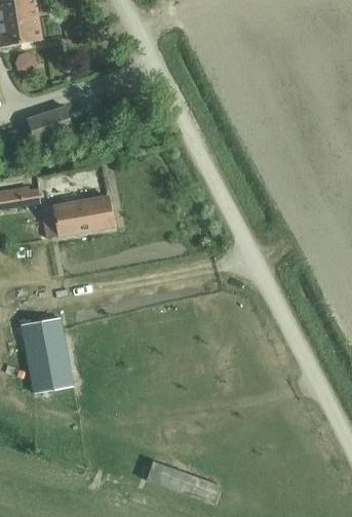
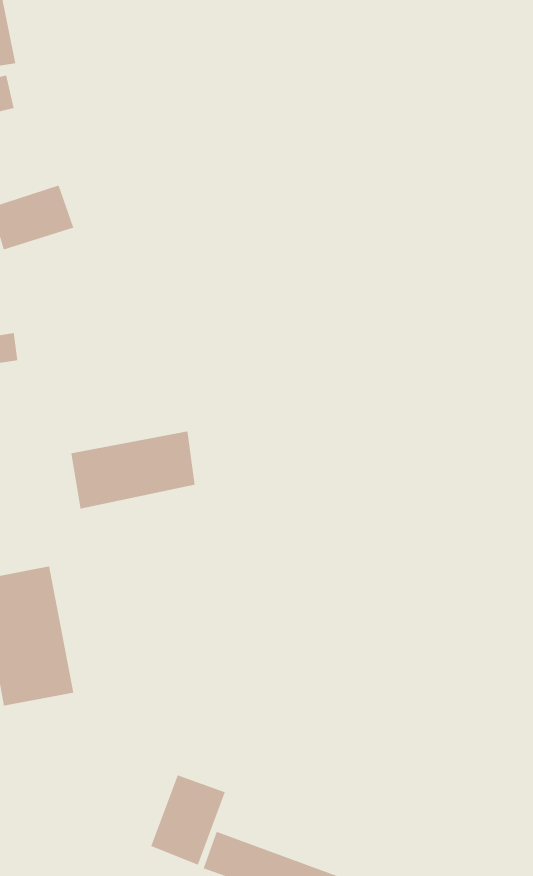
building: [43,195,112,238] -> [71,431,196,509]
building: none -> [151,775,225,866]

